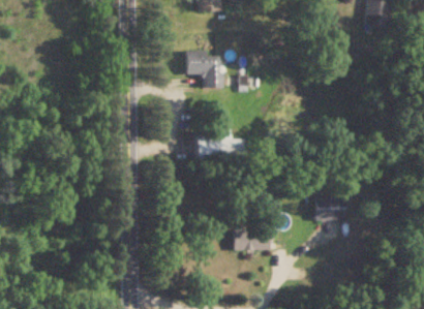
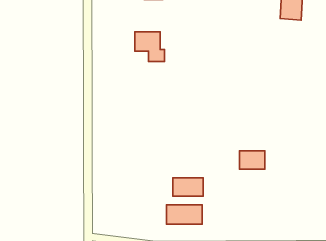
building: [195,130,243,161] -> none
building: none -> [167,205,202,224]

